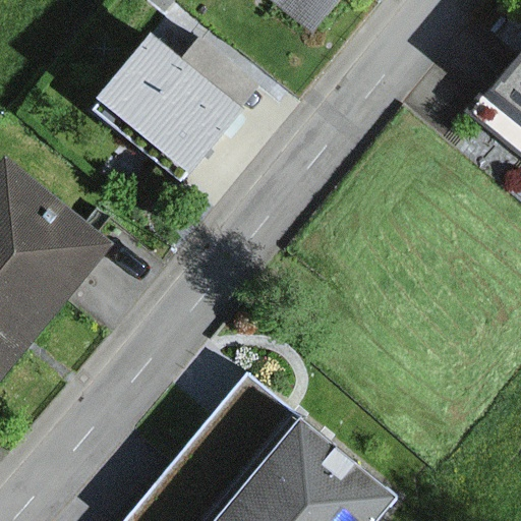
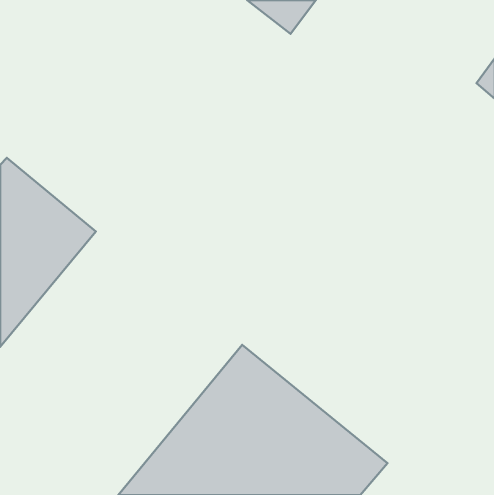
building: [88,44,234,184] -> none

